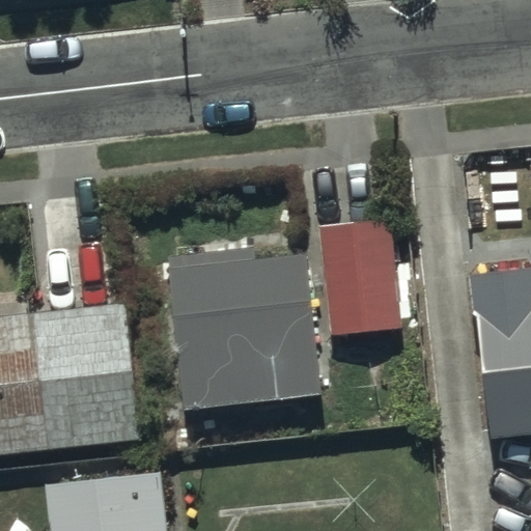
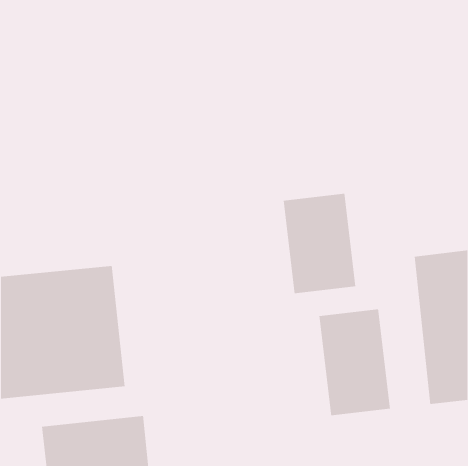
building: [168,248,322,408] -> none
building: none -> [319,308,390,416]

